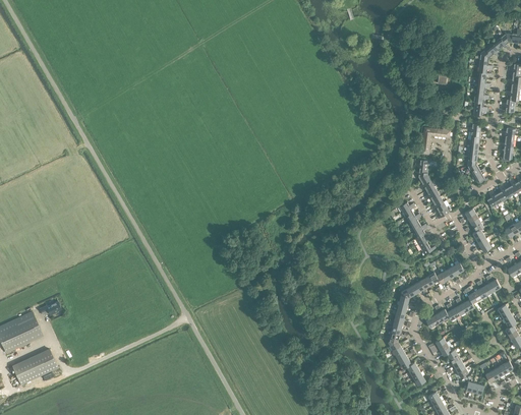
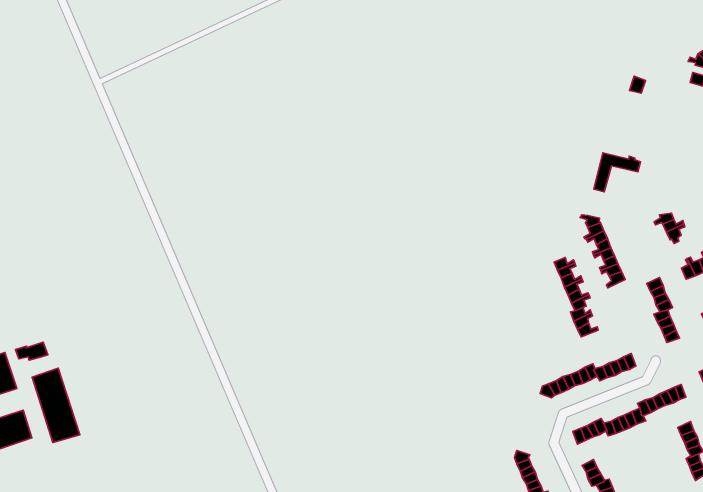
building: none -> [32,368,80,443]

